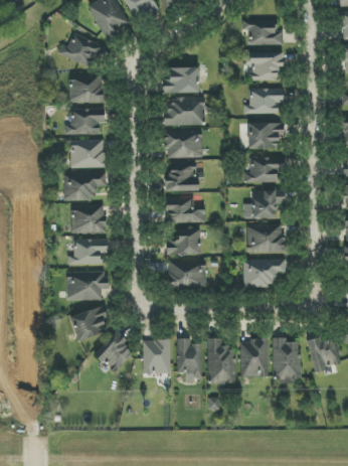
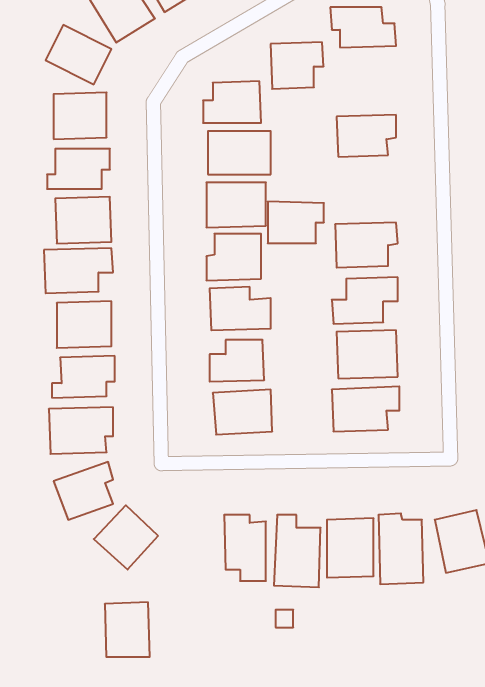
building: [250,51,284,81] -> [271,42,324,89]
building: [248,122,284,148] -> [268,202,324,243]
building: [143,339,171,373] -> [105,602,150,657]

